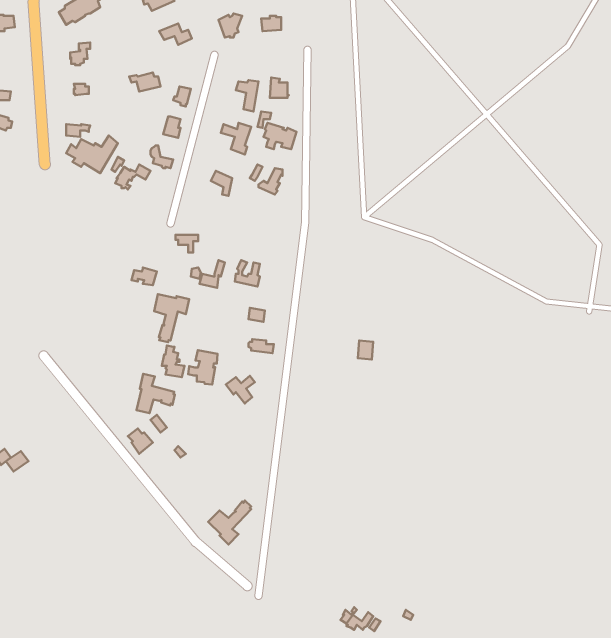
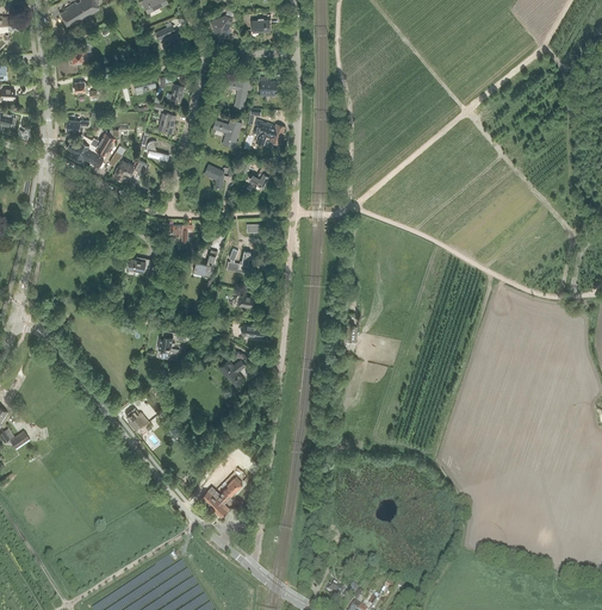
building: [154,294,189,342] -> none
building: [188,350,217,384] -> none
building: [137,374,175,413] -> none

